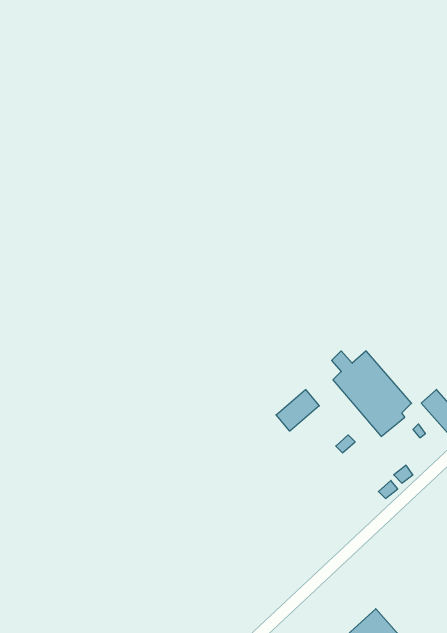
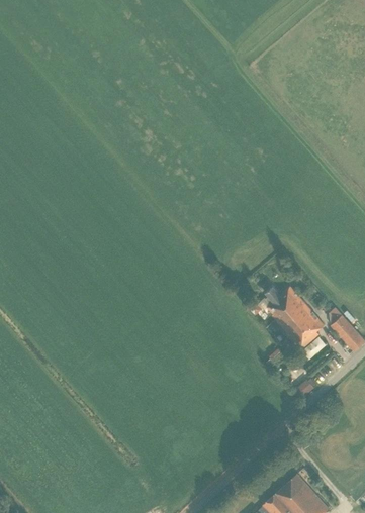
building: [276,390,319,431] -> none

